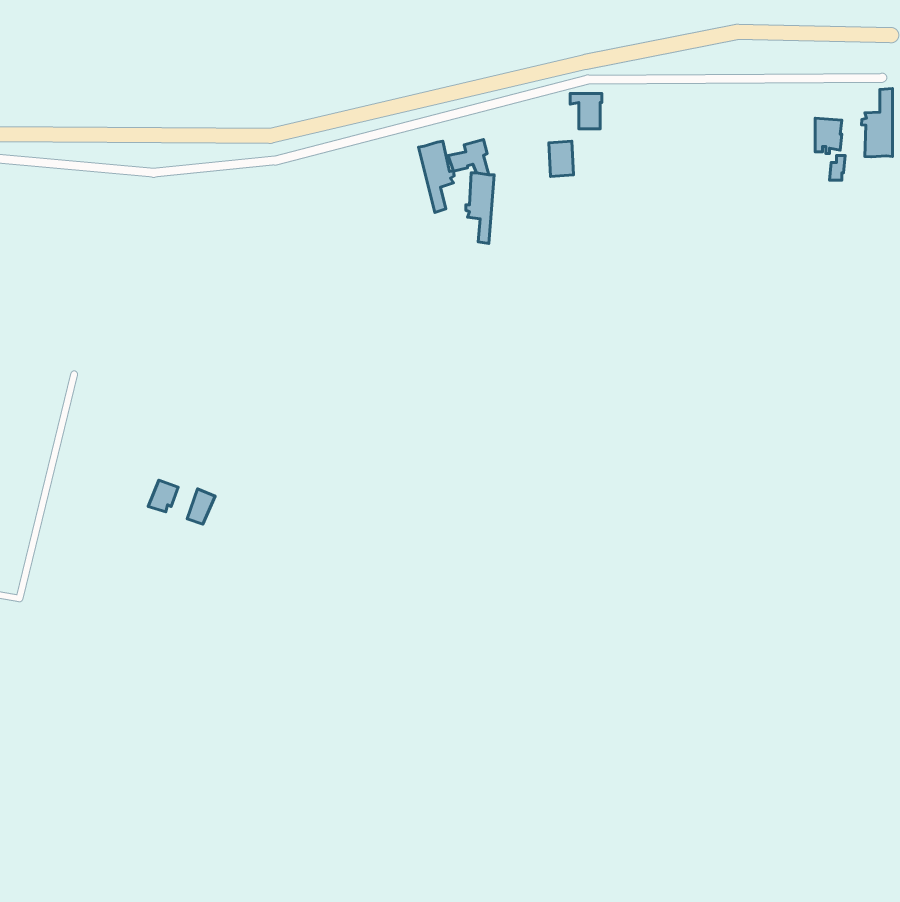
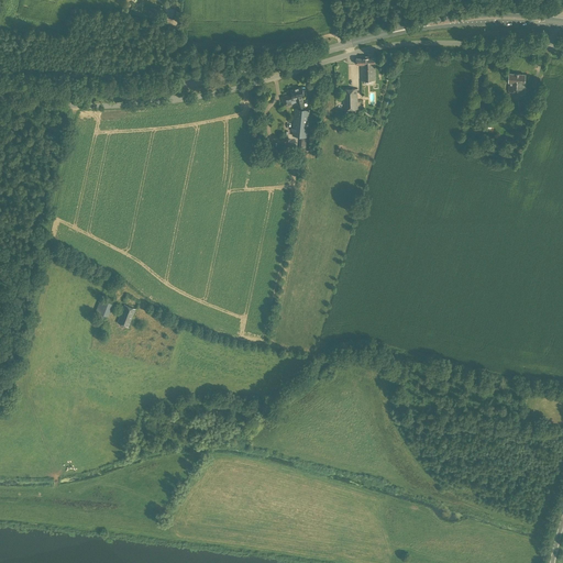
building: [861,89,893,157] -> none
building: [418,141,454,213] -> none

